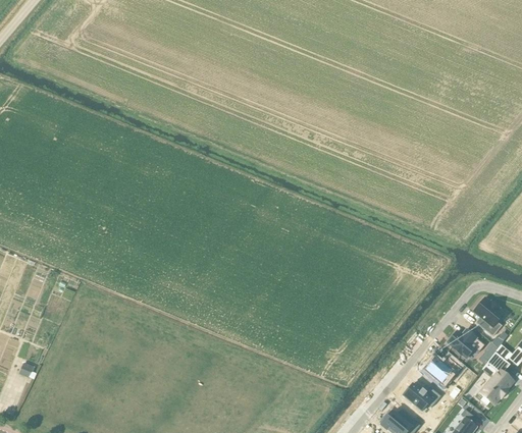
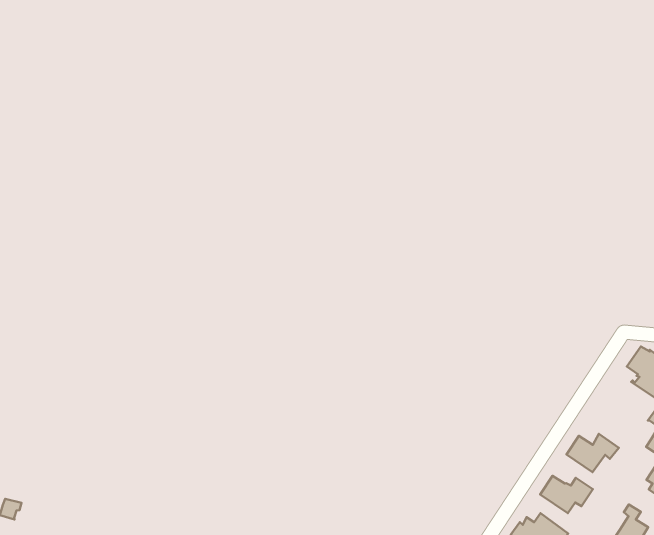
building: [447,329,484,358] -> none

